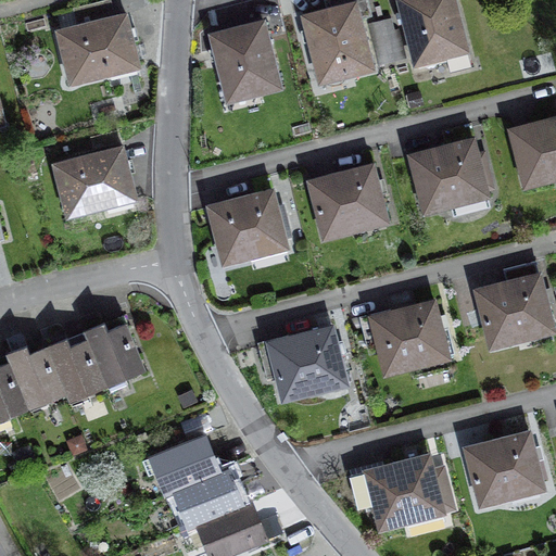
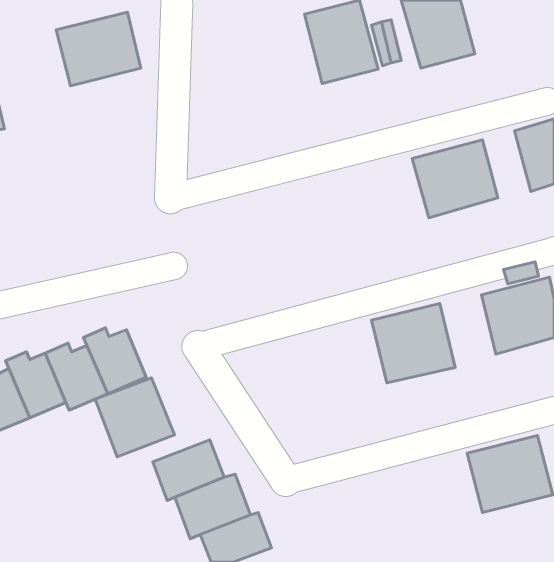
building: [210,20,282,102] -> none
building: [52,144,137,218] -> none
building: [307,163,389,239] -> none
building: [207,188,288,264] -> none
building: [267,326,349,407] -> none
building: none -> [95,378,174,457]
building: [365,455,452,529] -> none

